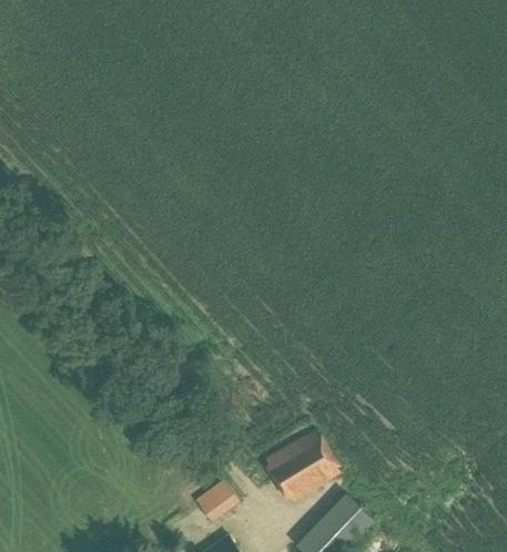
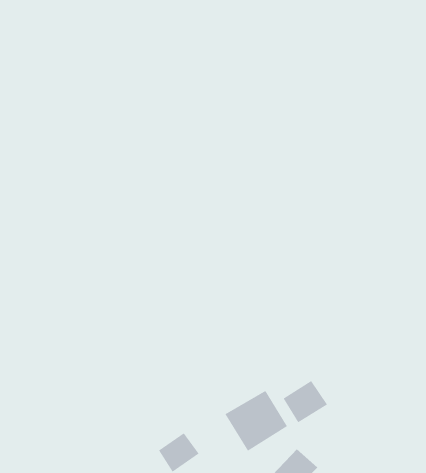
building: none -> [283,380,328,423]

